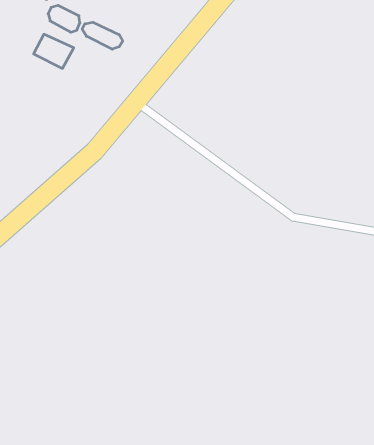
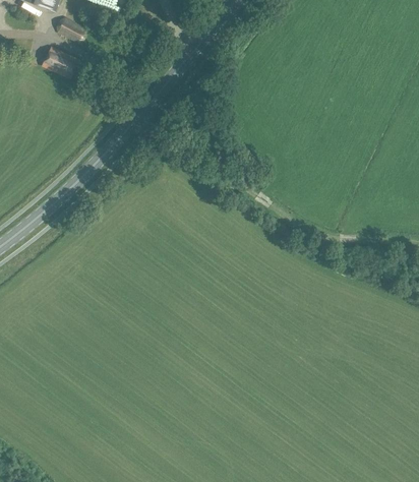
building: [82,22,123,49] -> none

